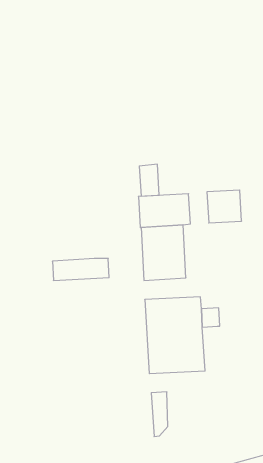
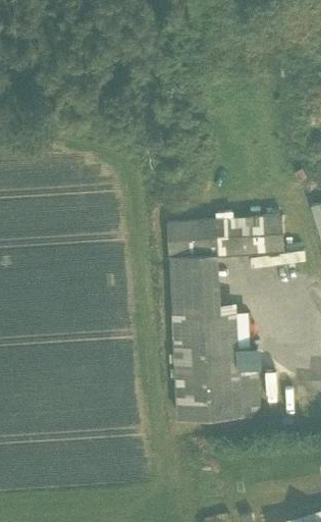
building: [139,164,159,196] -> [223,218,246,254]
building: [52,258,109,280] -> [173,314,236,338]
building: [151,392,168,437] -> [238,368,257,418]

